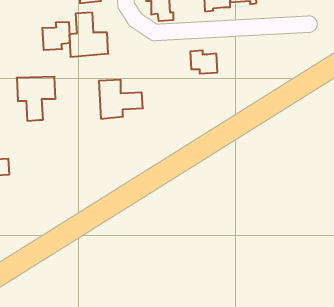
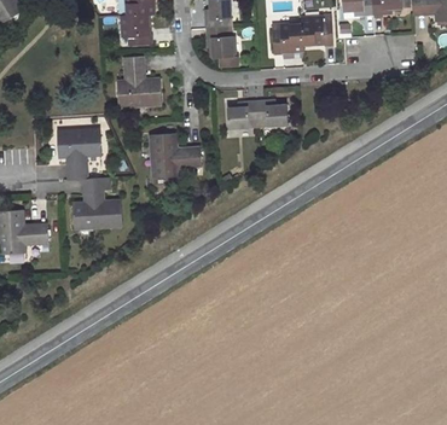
building: [43,22,70,50] -> none
building: none -> [227,100,257,128]
building: none -> [72,177,122,228]

